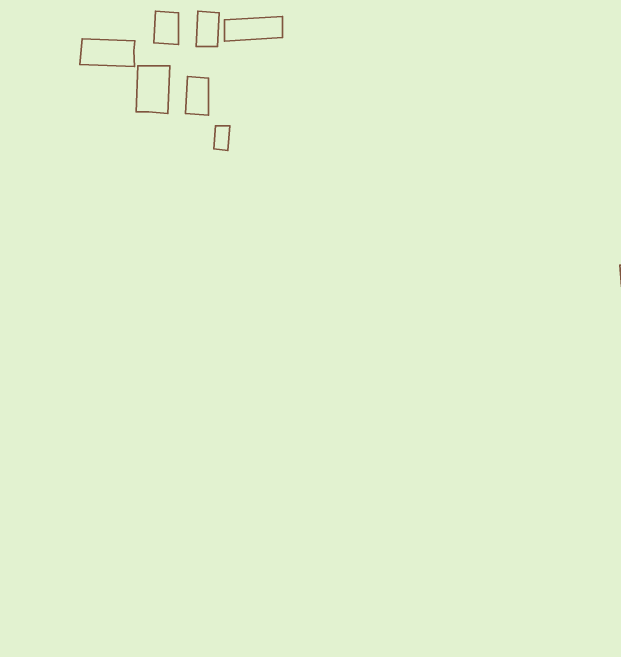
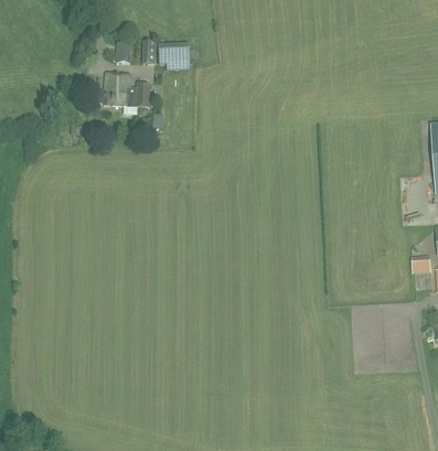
building: [80,39,135,67] -> none

